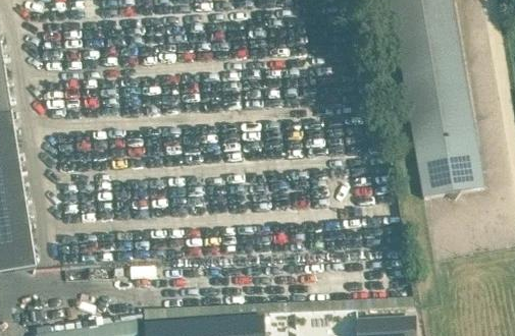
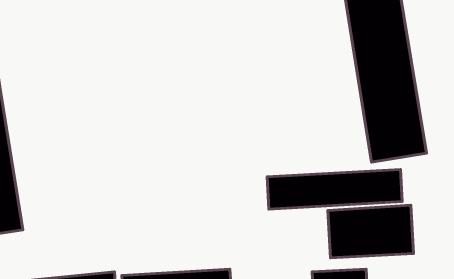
building: none -> [267,170,402,209]
building: none -> [328,205,413,258]

